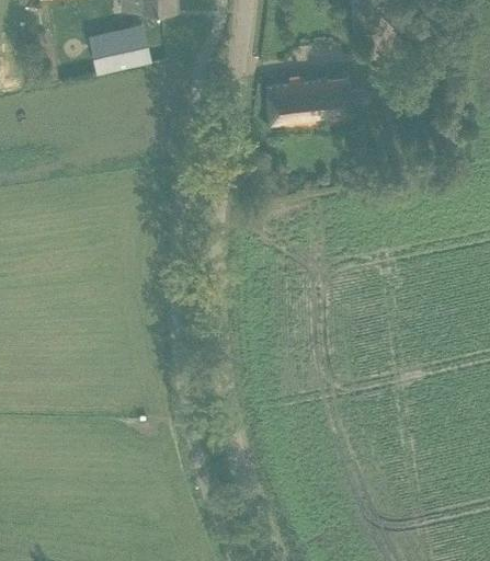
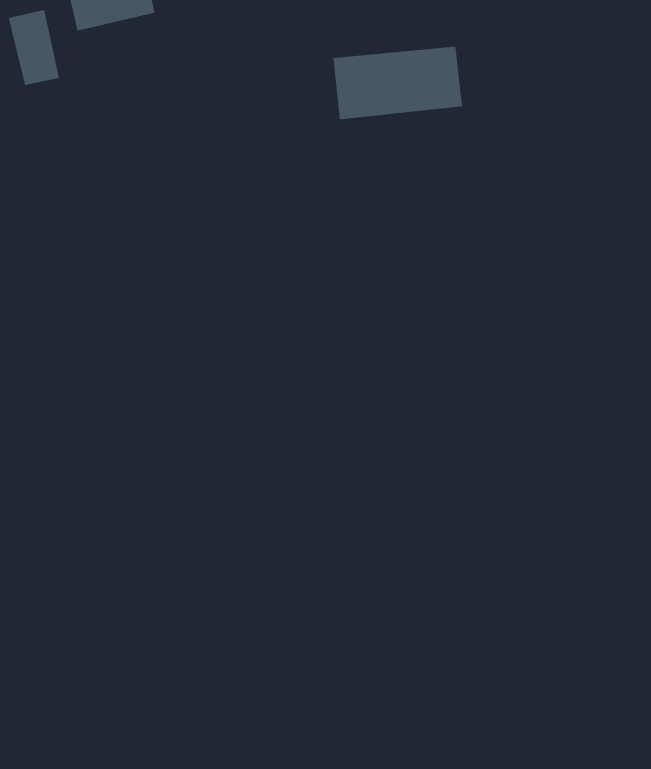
building: none -> [8,9,60,86]

